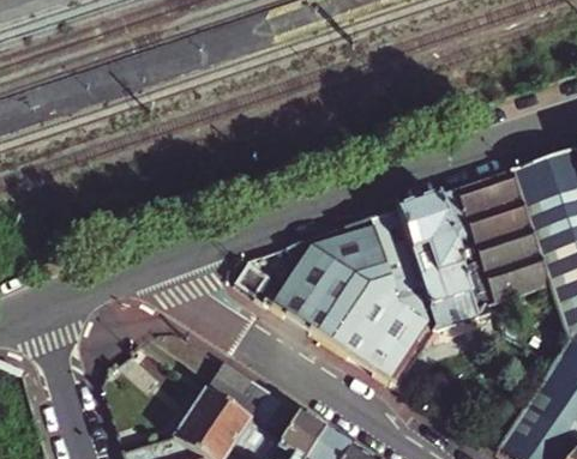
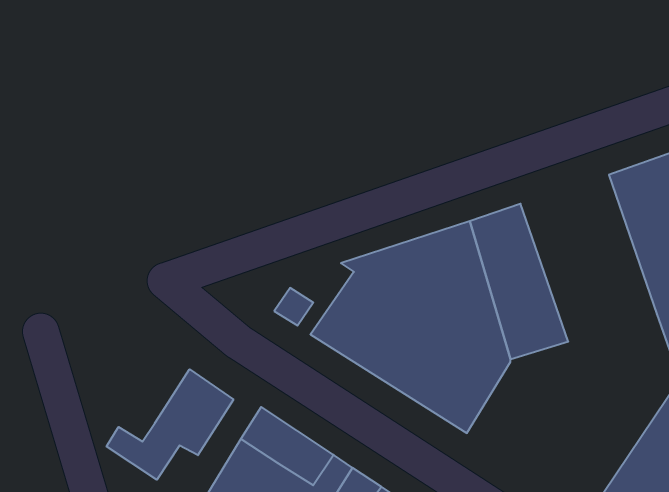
building: [443,169,555,315] -> none
building: none -> [107,369,233,480]

